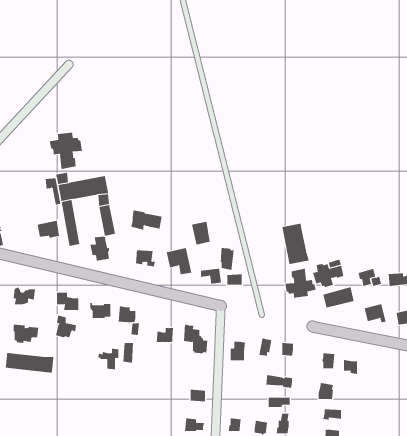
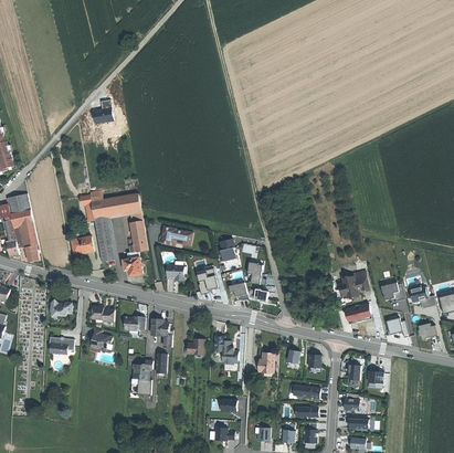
building: [49,132,82,170] -> none
building: [282,223,310,265] -> none
building: [285,268,316,298] -> none
building: [5,352,54,373] -> none

